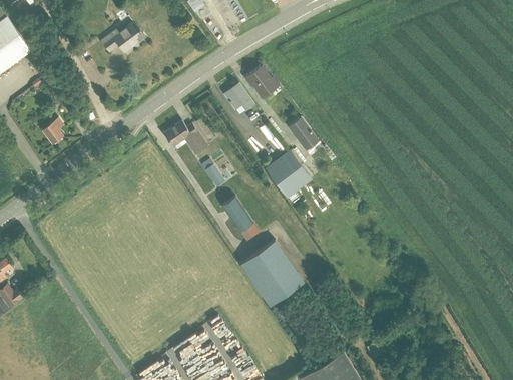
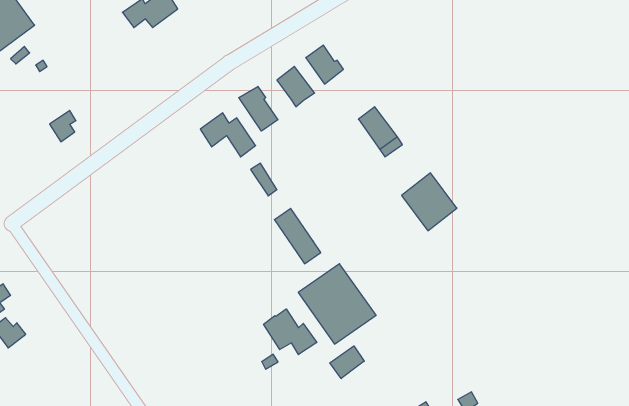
building: none -> [239,86,278,131]
building: [266,150,310,197] -> [402,173,457,231]
building: none -> [264,309,317,355]
building: none -> [330,346,364,379]

